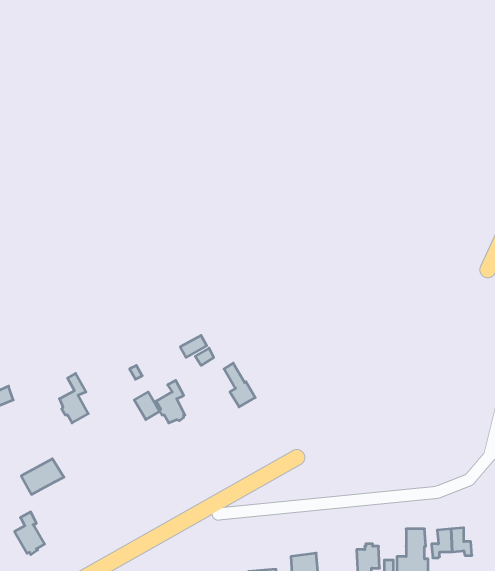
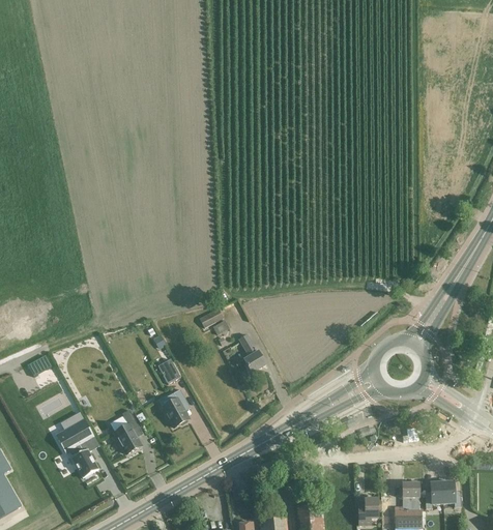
building: [59,373,88,423] -> [115,409,141,453]
building: [156,380,185,423] -> [163,388,189,426]
building: [15,512,45,555] -> [71,440,98,478]

